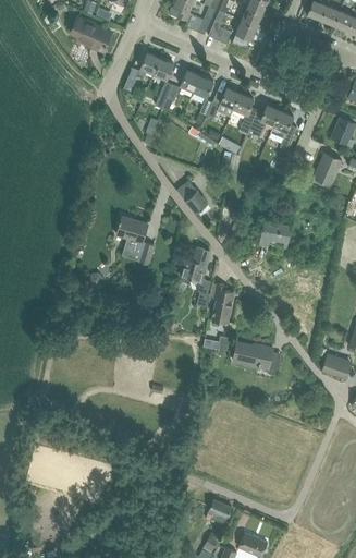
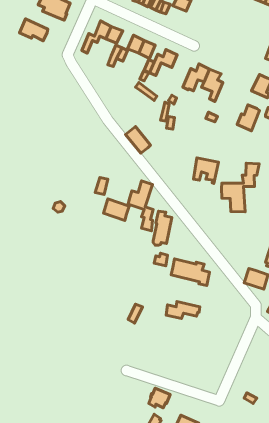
building: none -> [20,19,48,41]
building: [234,94,257,133] -> none
building: [116,216,148,242] -> [103,199,129,220]
building: none -> [221,163,259,212]
building: none -> [166,302,200,319]

